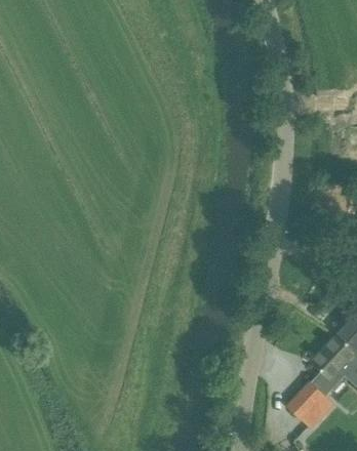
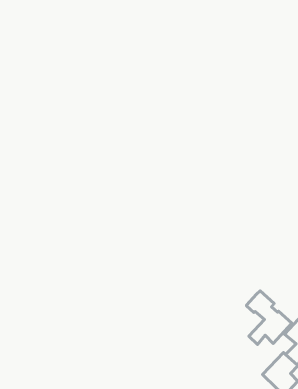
building: none -> [247,291,292,344]

